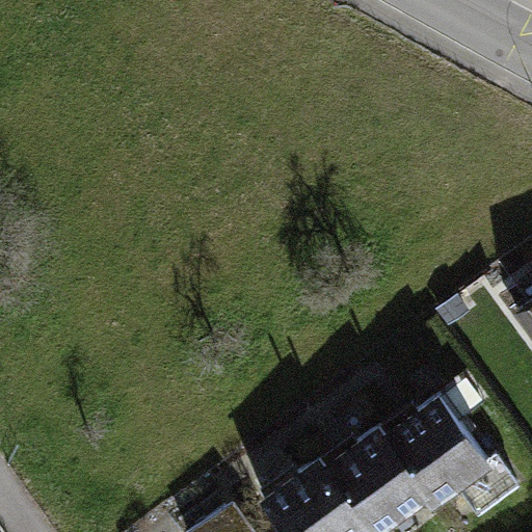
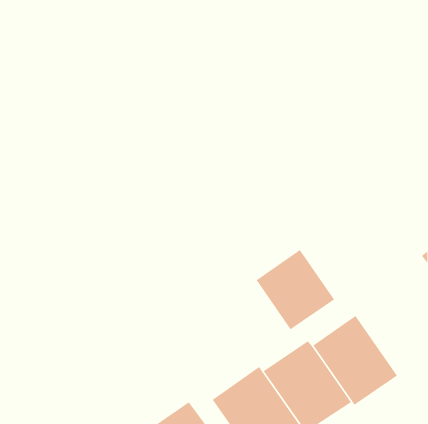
building: none -> [256,249,335,330]

